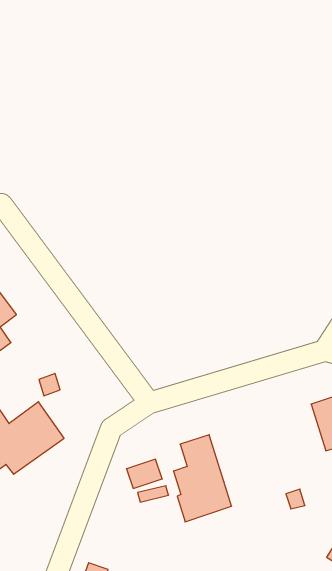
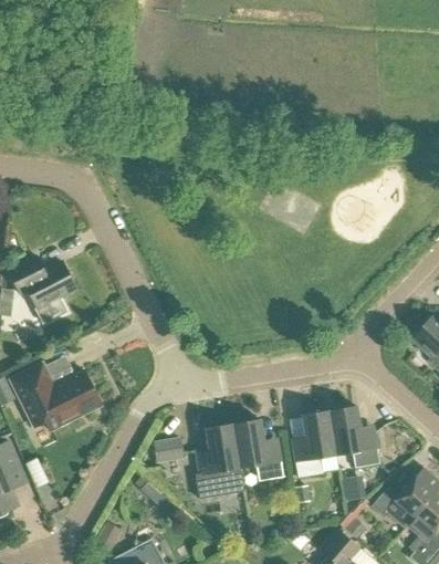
building: none -> [292,409,335,477]
building: none -> [232,418,282,480]

